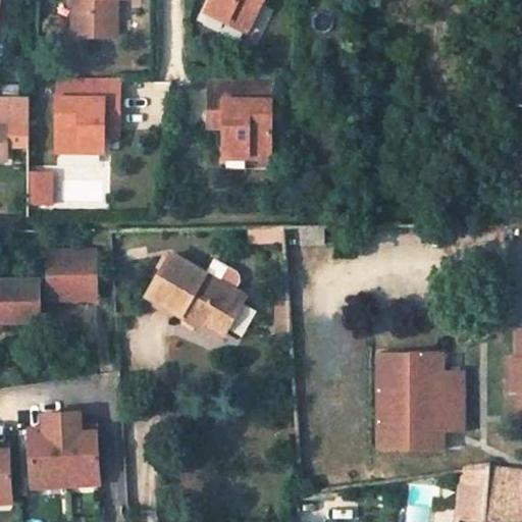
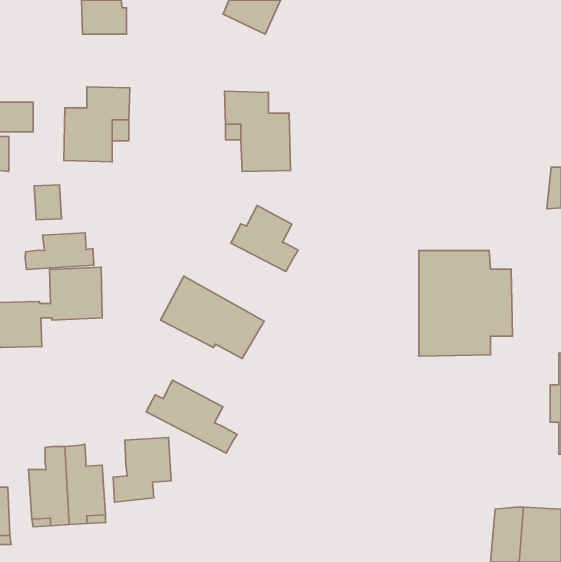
building: none -> [231,206,298,271]
building: none -> [25,233,94,269]
building: none -> [146,380,237,453]
building: [377,353,464,451] -> [419,250,512,356]
building: none -> [113,437,171,502]

